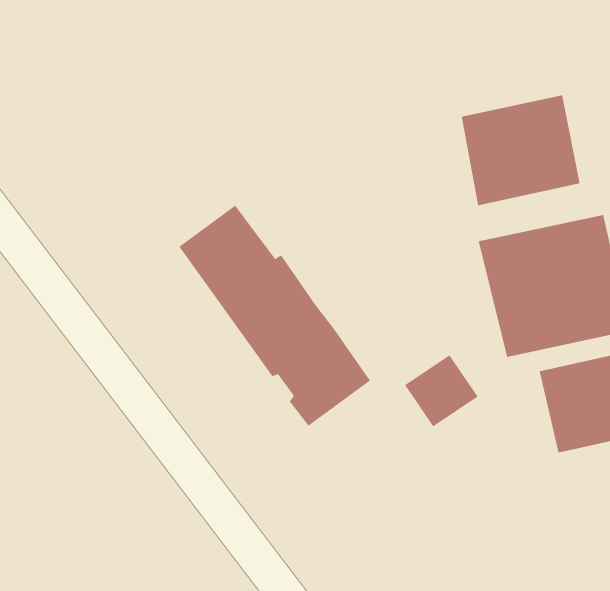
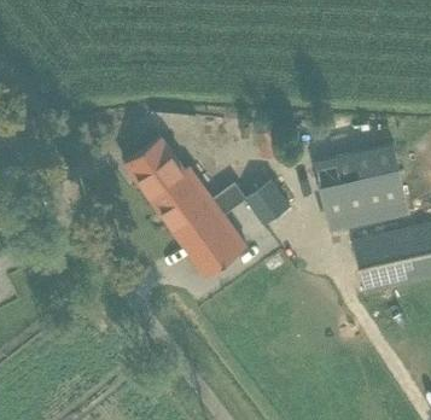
building: [461,94,580,206] -> none
building: [404,355,479,427] -> [243,180,290,226]

